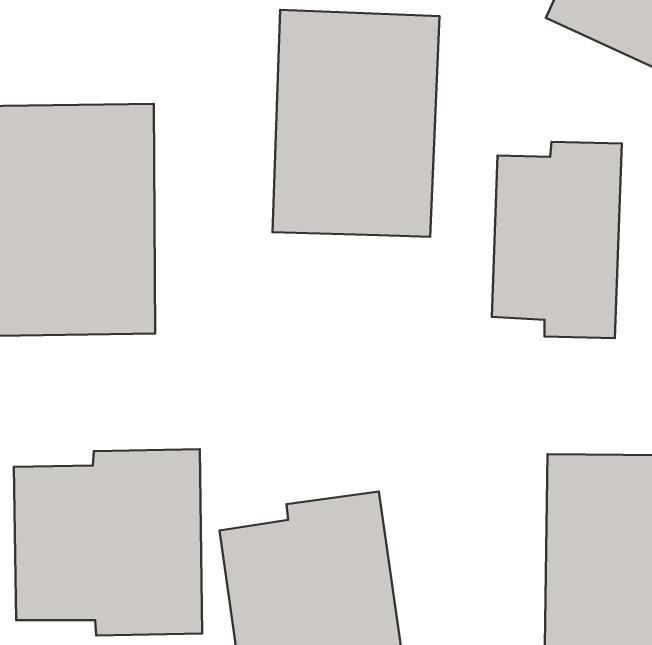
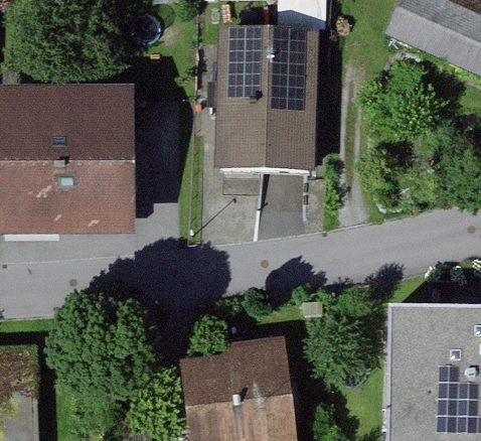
building: [492,142,622,338] -> none
building: [14,449,202,636] -> none

